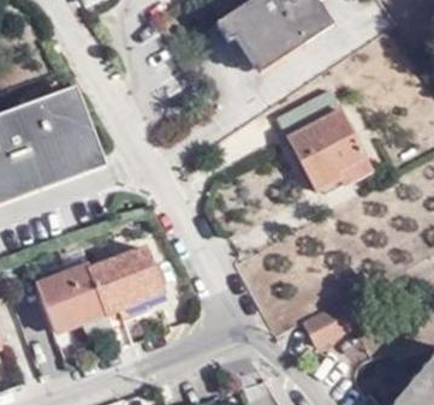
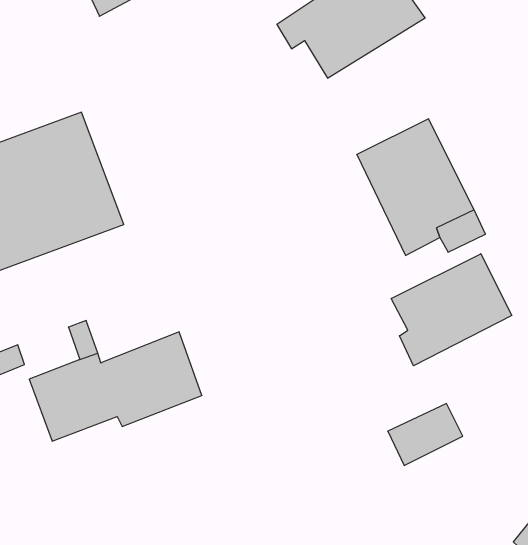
building: none -> [391,254,512,366]

